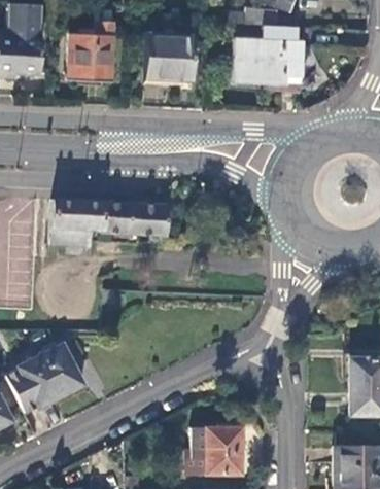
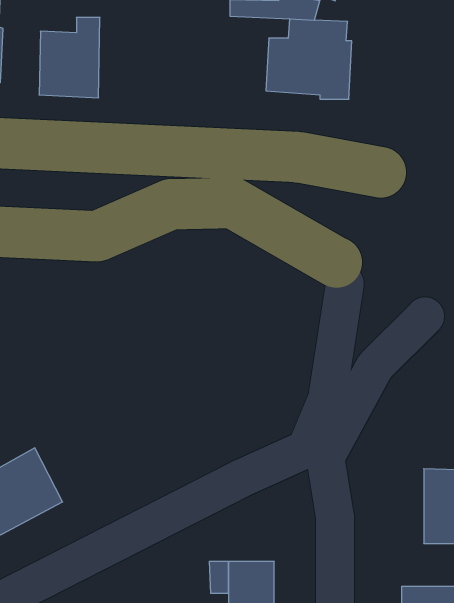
building: [145,38,191,81] -> none
building: [53,197,175,252] -> none

